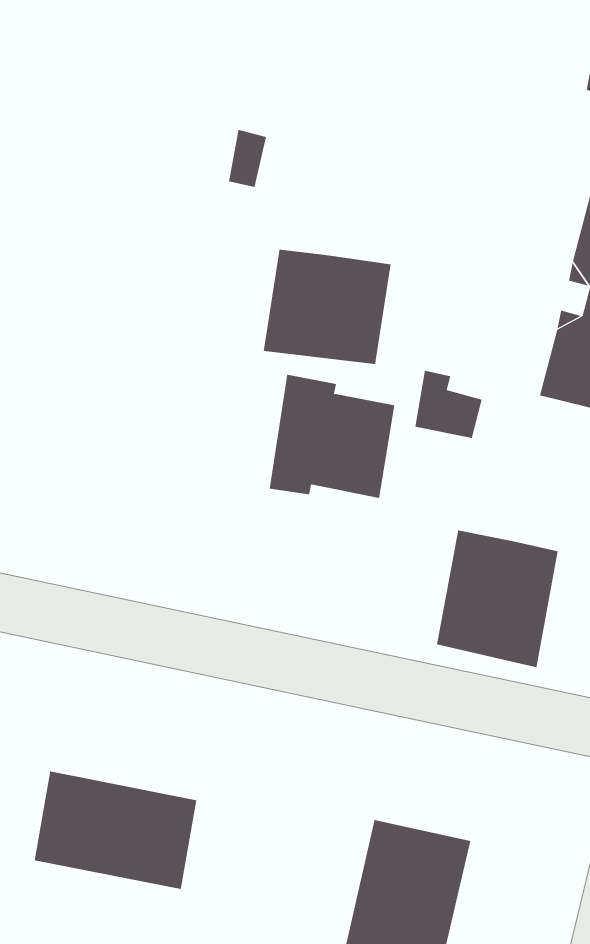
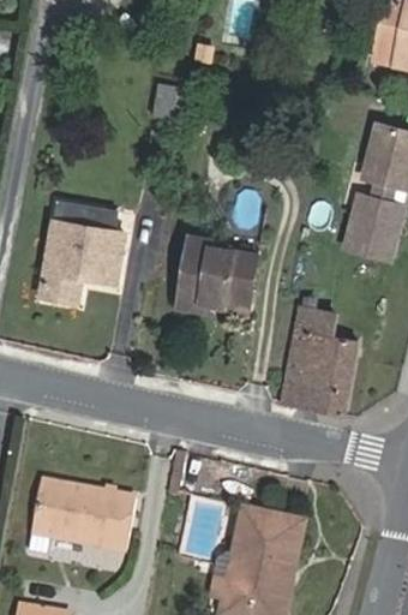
building: [263,249,391,365] -> none
building: none -> [38,201,124,301]
building: [414,370,482,438] -> [294,295,336,338]

